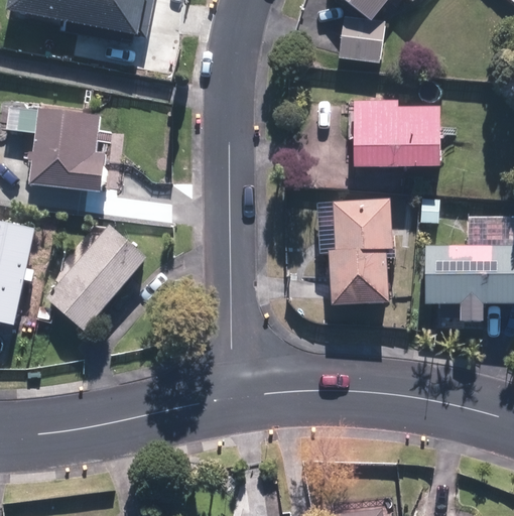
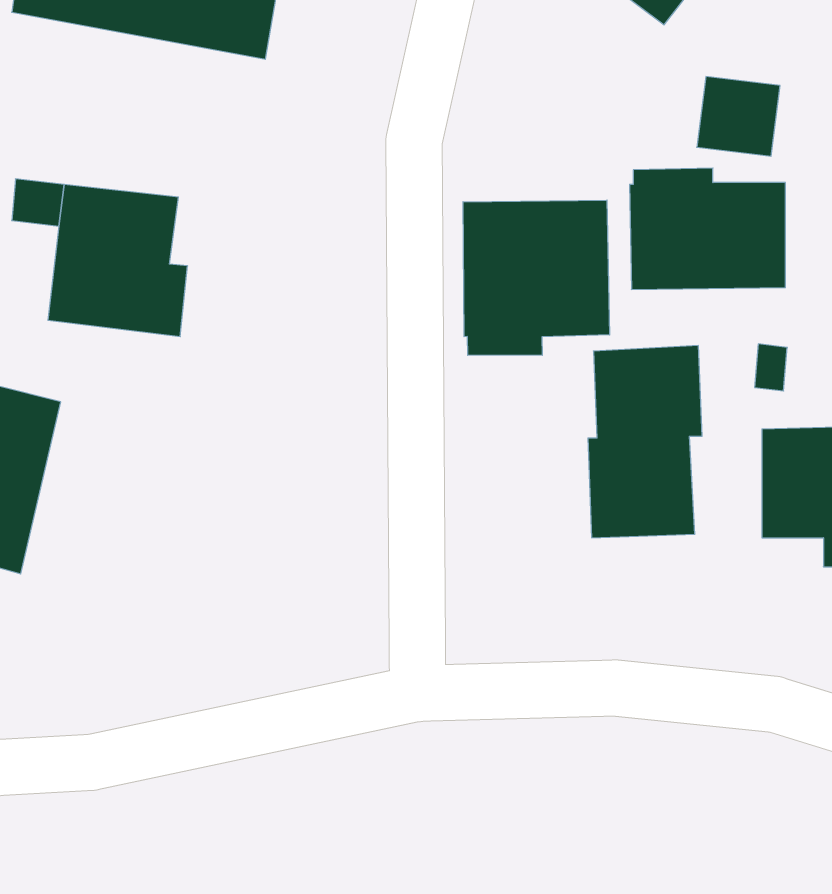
building: [338,18,384,62] -> [697,77,780,156]
building: none -> [463,200,610,355]
building: [45,223,148,331] -> none

